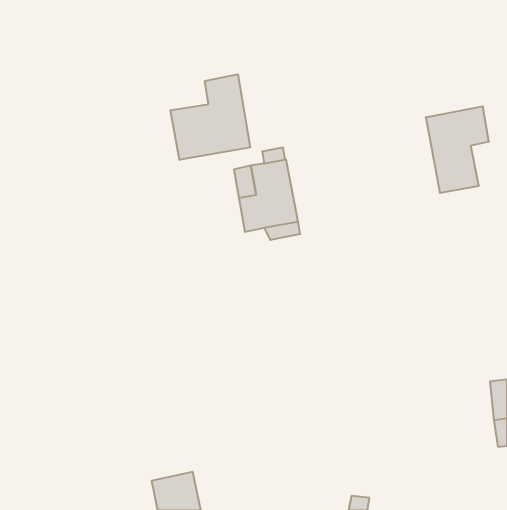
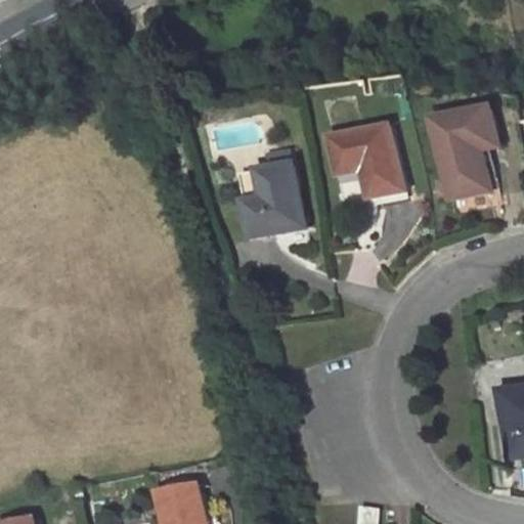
building: [171,74,250,160] -> none
building: none -> [330,126,402,196]

